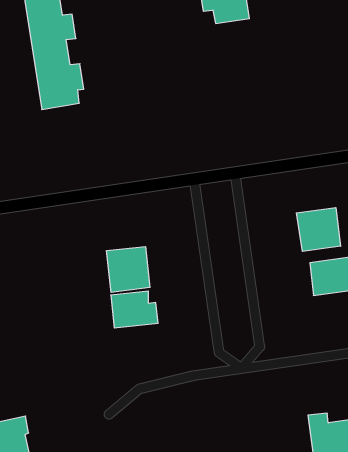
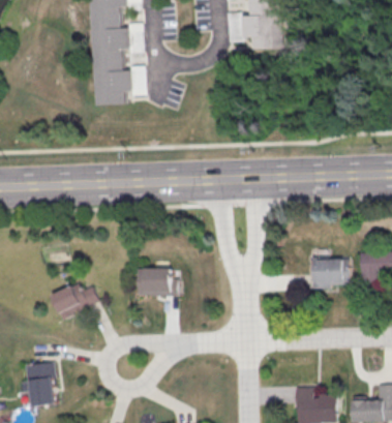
building: [296,208,341,251] -> none
building: [107,247,150,292] -> none
building: none -> [51,282,98,319]

